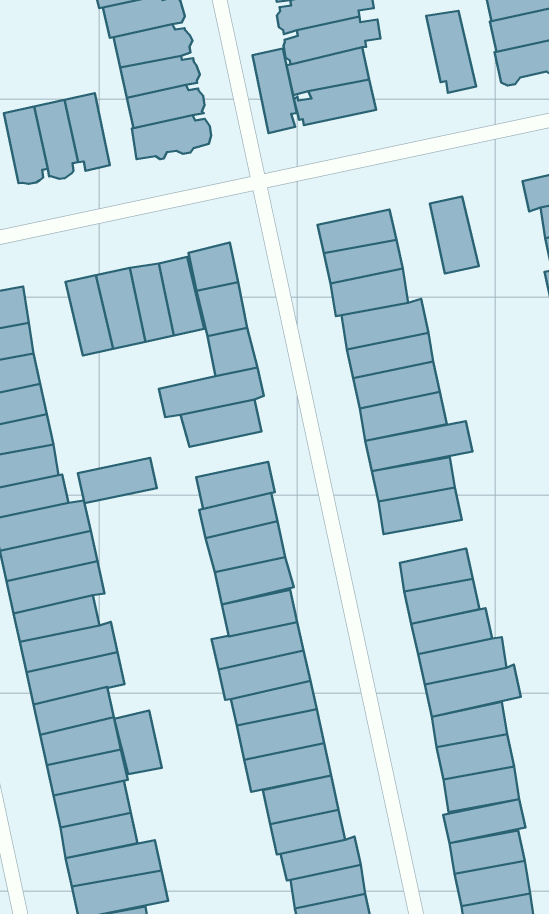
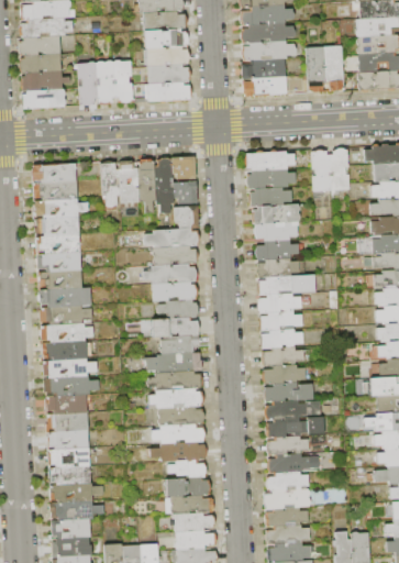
building: [253,49,297,133] -> [307,46,326,92]
building: none -> [329,150,347,191]
building: [78,458,157,503] -> [154,265,197,285]
building: none -> [255,332,300,350]
building: [114,710,162,774] -> none

